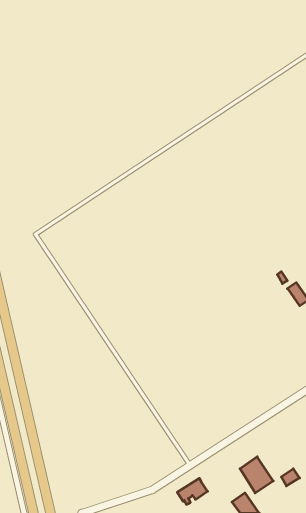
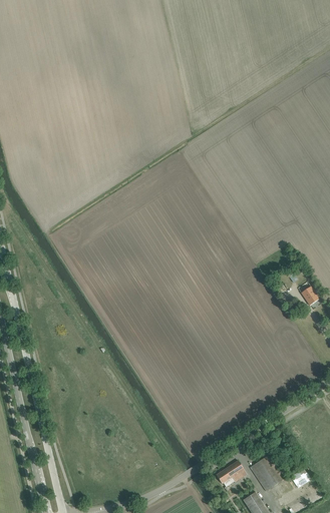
building: [177,478,208,504] -> [217,460,247,486]

